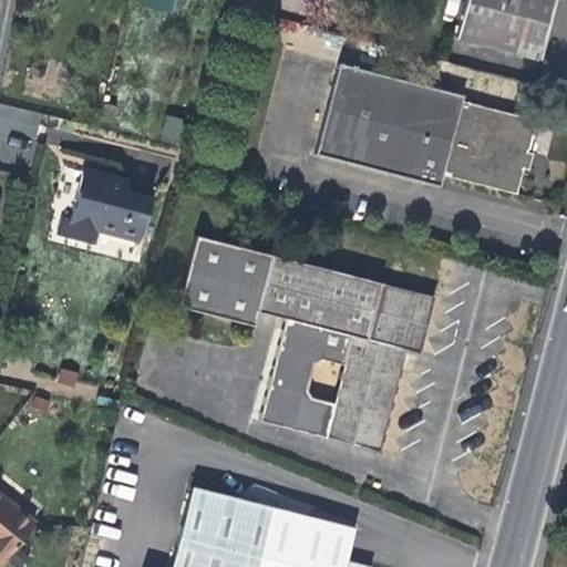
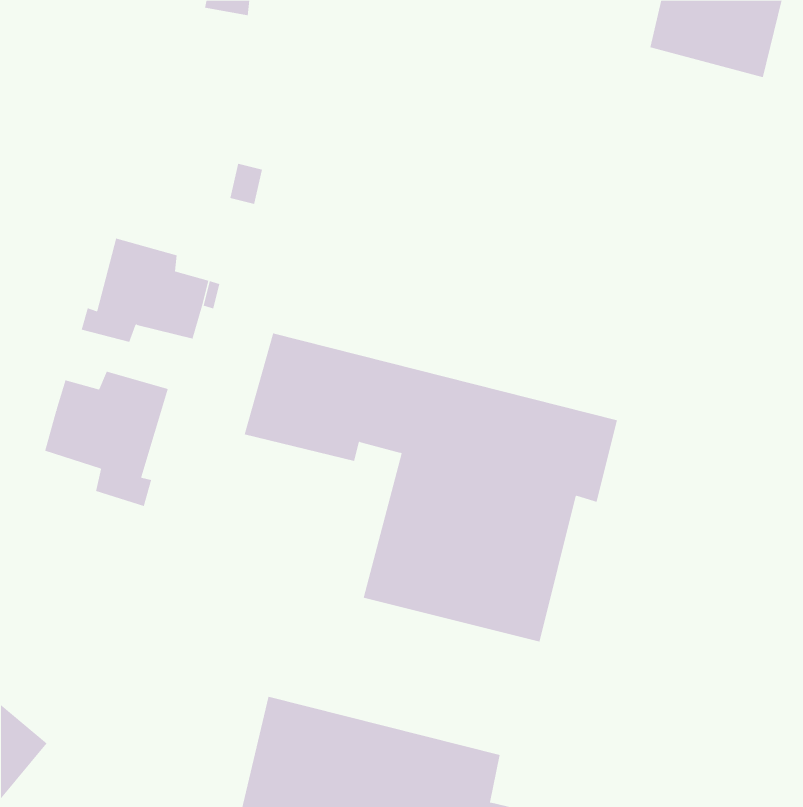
building: [317,64,537,194] -> none
building: none -> [44,371,168,507]

